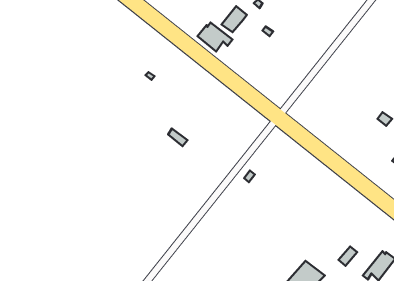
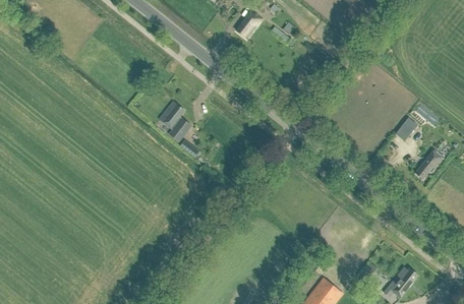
building: [198,22,232,51] -> none
building: none -> [157,101,190,142]

